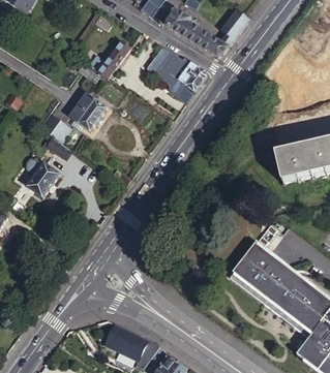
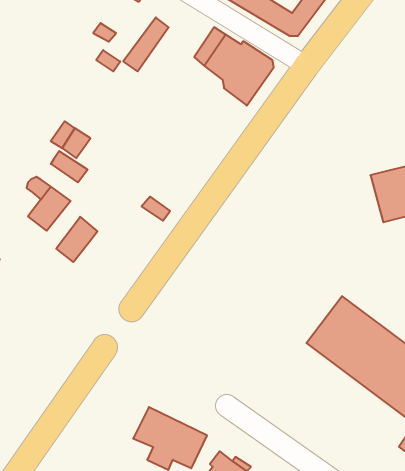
building: [70,96,104,129] -> none
building: none -> [56,217,97,262]

